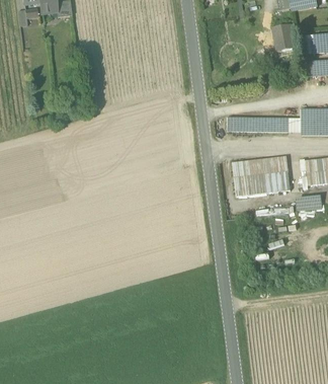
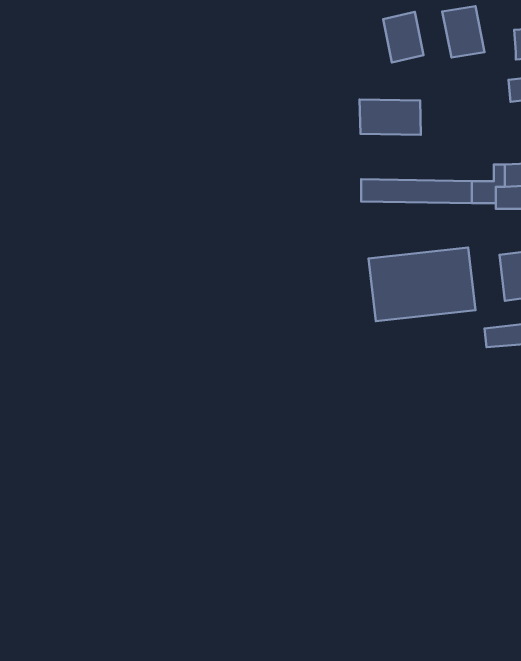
building: none -> [383,12,423,62]
building: none -> [360,99,421,135]

